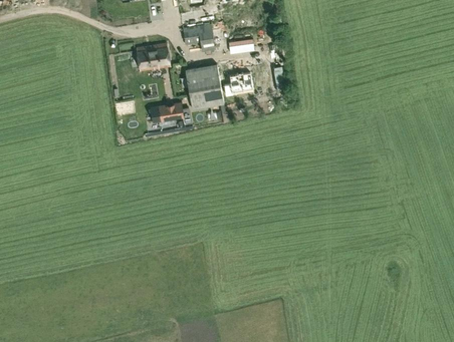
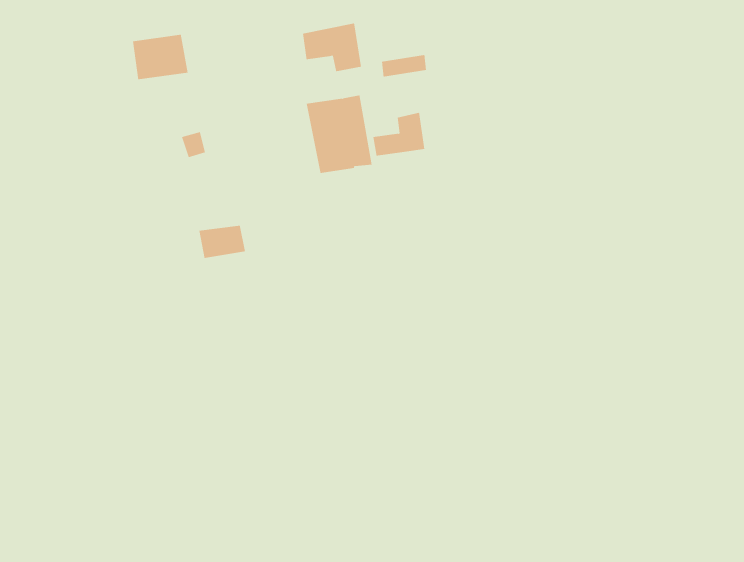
building: [137,42,169,68] -> [132,34,188,80]
building: [157,104,184,123] -> [199,225,246,258]

